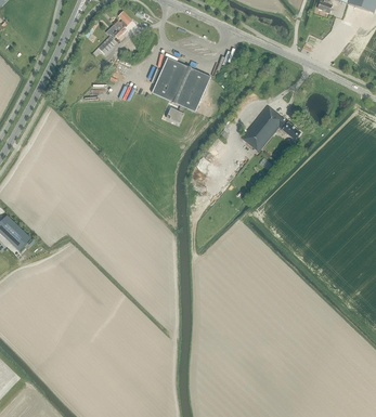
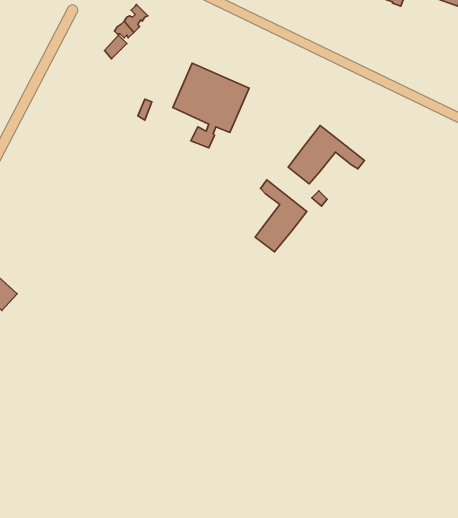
building: none -> [255,180,307,252]

